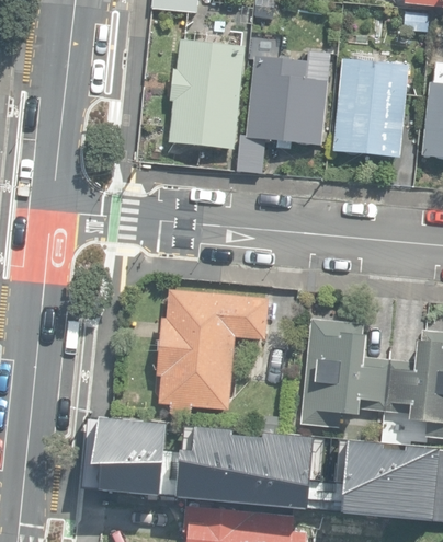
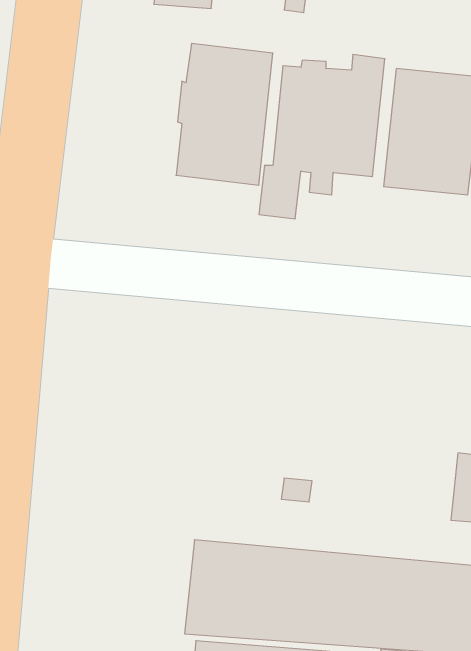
building: [157,289,269,414] -> none
building: [299,316,389,427] -> none
building: [102,419,183,499] -> none

